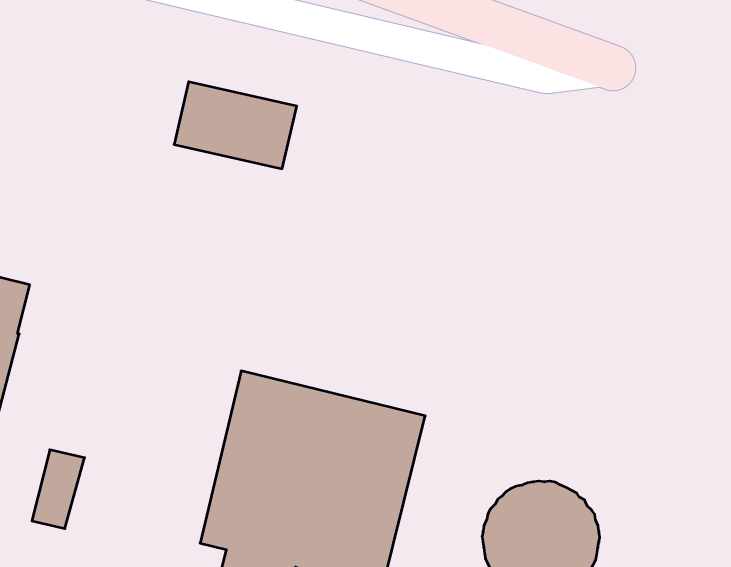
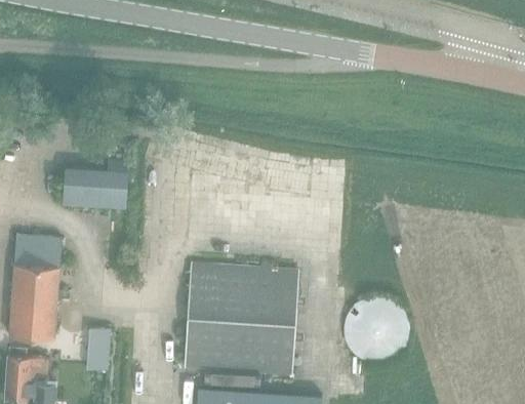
building: [174,82,297,169] -> [63,168,128,208]

